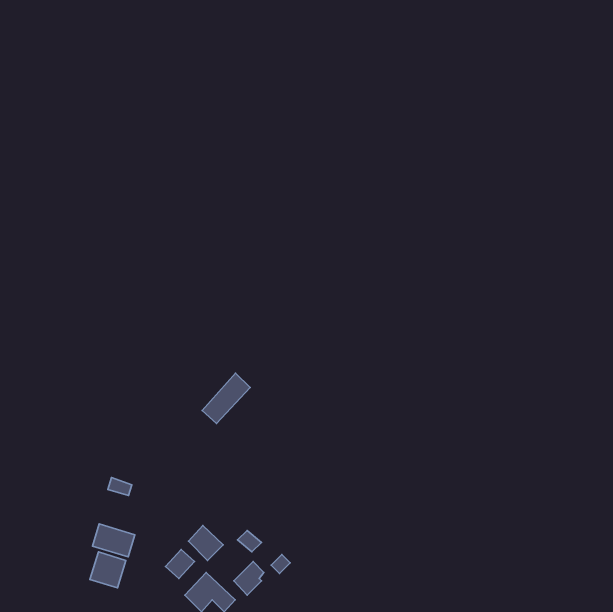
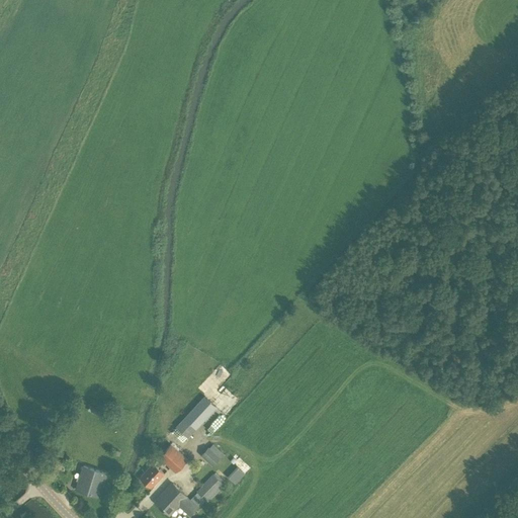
building: [202,373,250,424] -> [176,396,217,438]
building: [93,524,135,557] -> none

